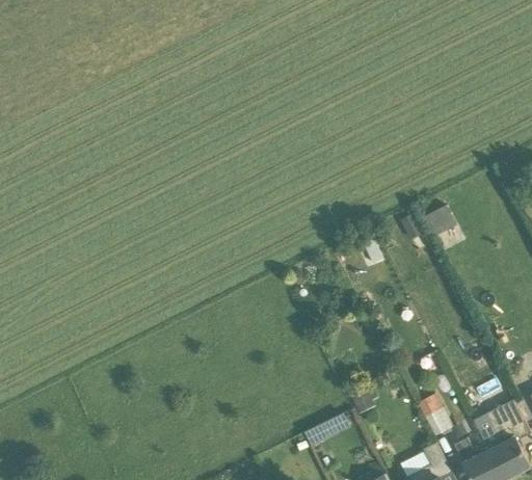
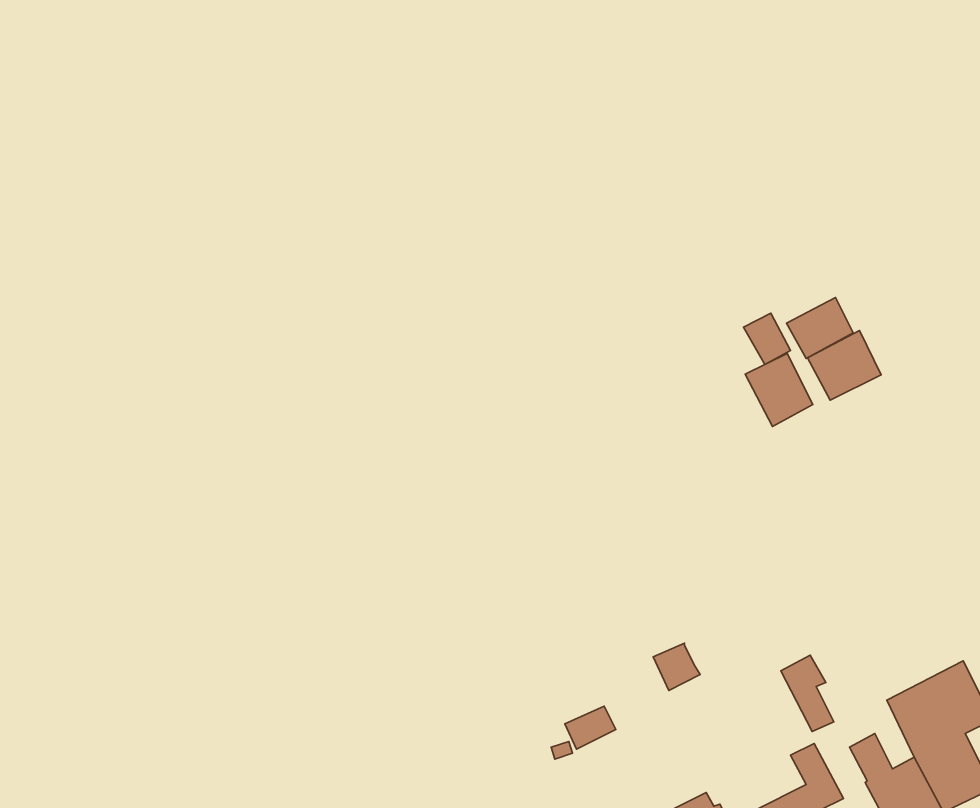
building: none -> [807,331,881,400]
building: none -> [745,353,813,426]

